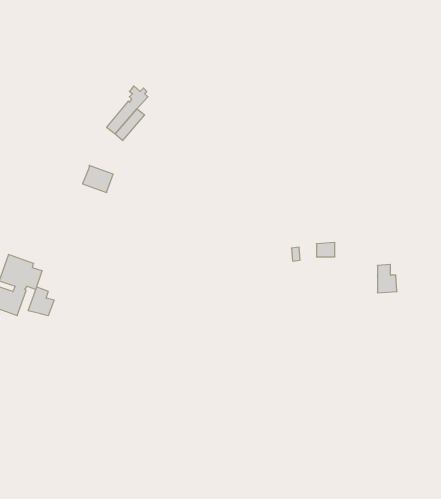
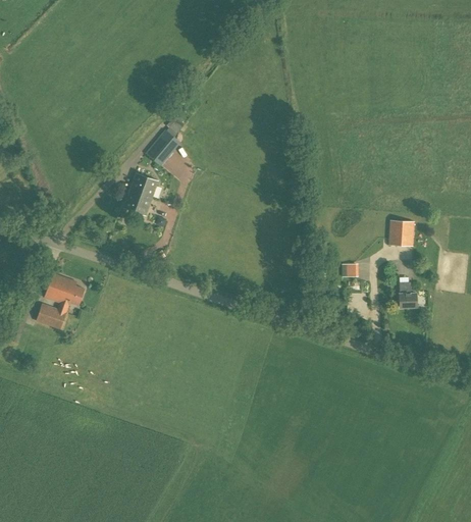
building: none -> [129,172,158,198]
building: none -> [388,220,415,247]
building: [28,287,54,316] -> none

